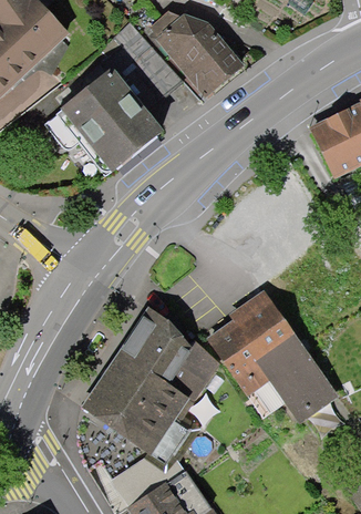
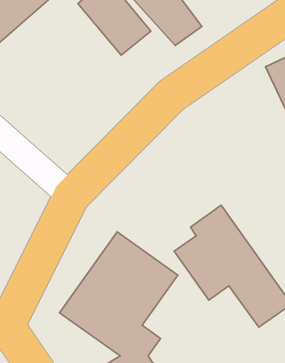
building: [45,62,159,183] -> none

